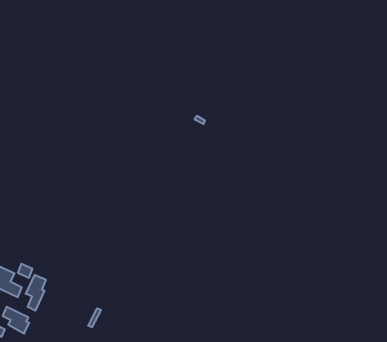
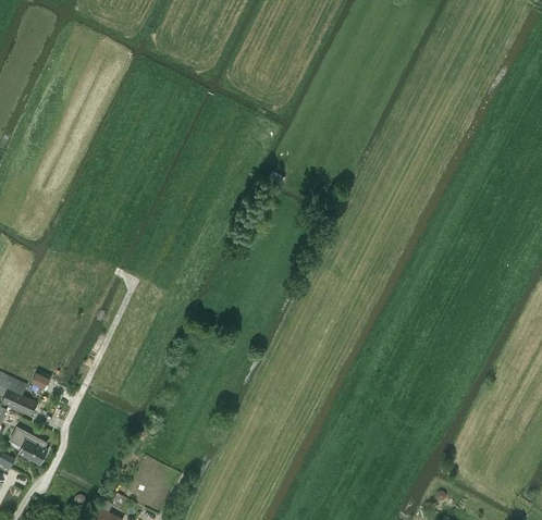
building: [26,275,46,311] -> none

